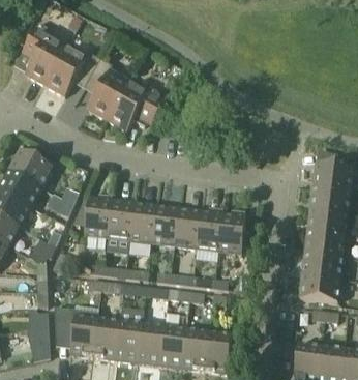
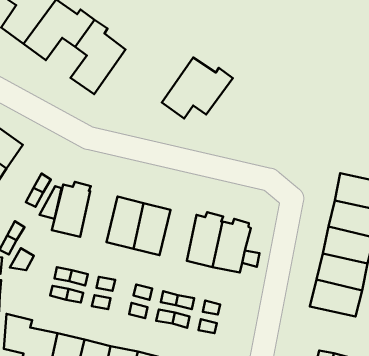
building: [107,81,162,131] -> [162,58,233,119]
building: [108,200,135,240] -> none
building: [174,208,201,249] -> none
building: [299,275,339,302] -> none

